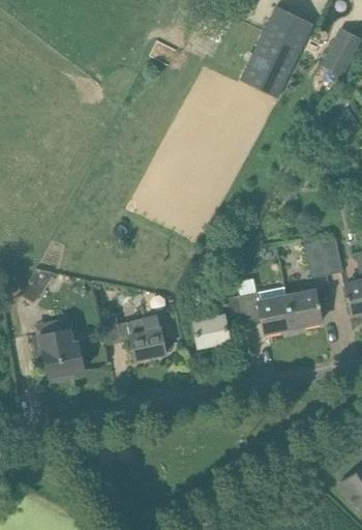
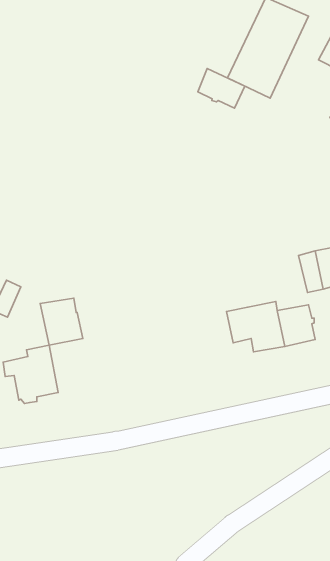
building: none -> [198,69,245,108]
building: [190,296,245,347] -> none
building: [126,317,165,360] -> [40,298,83,345]

